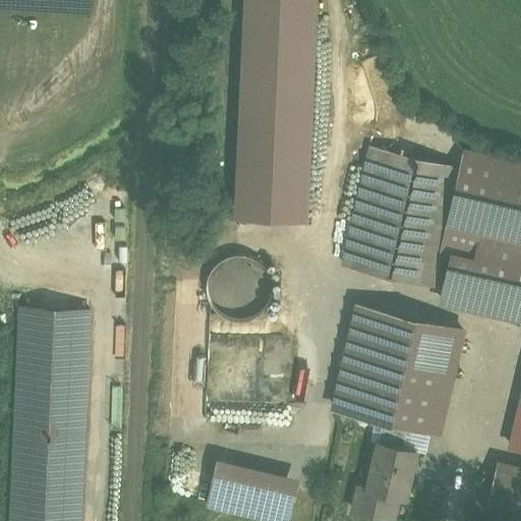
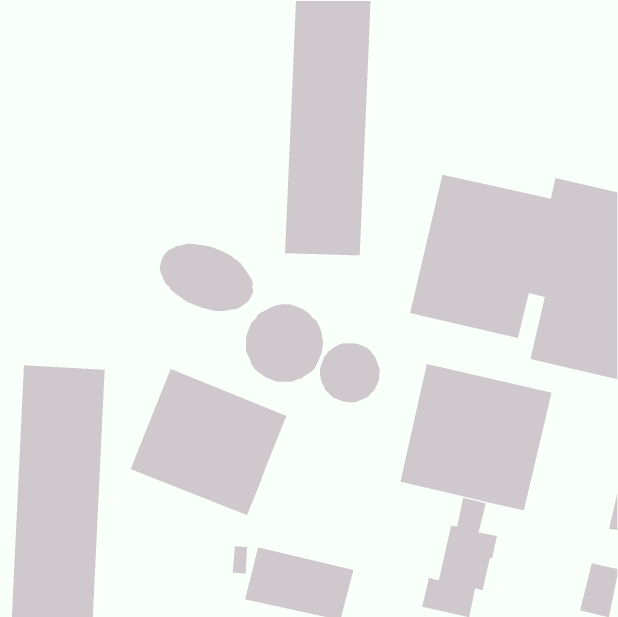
building: none -> [159,243,254,312]
building: none -> [319,342,381,403]
building: none -> [130,368,287,516]

